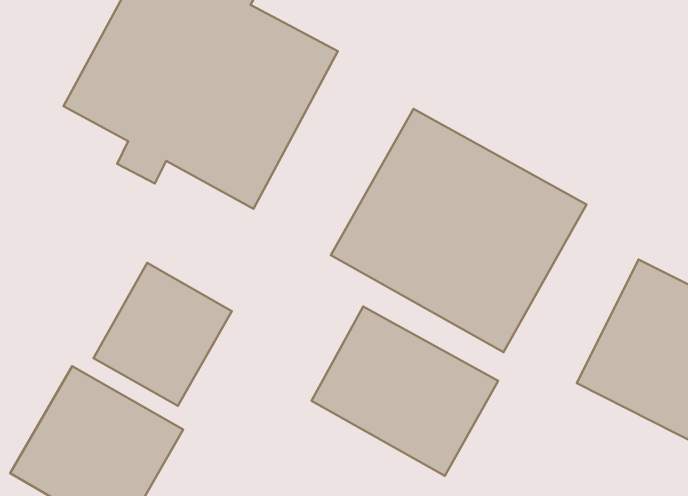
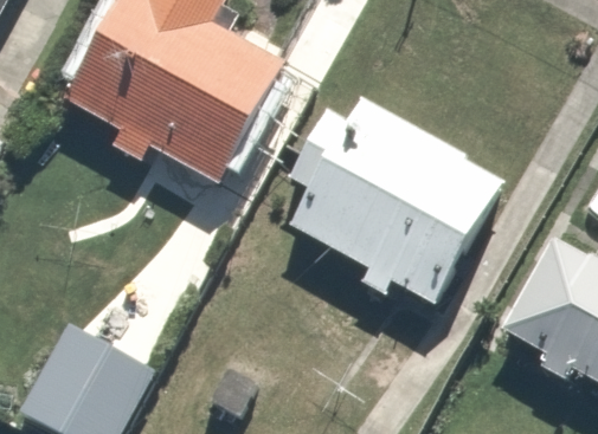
building: [94,263,232,406] -> none
building: [311,306,498,476] -> none

